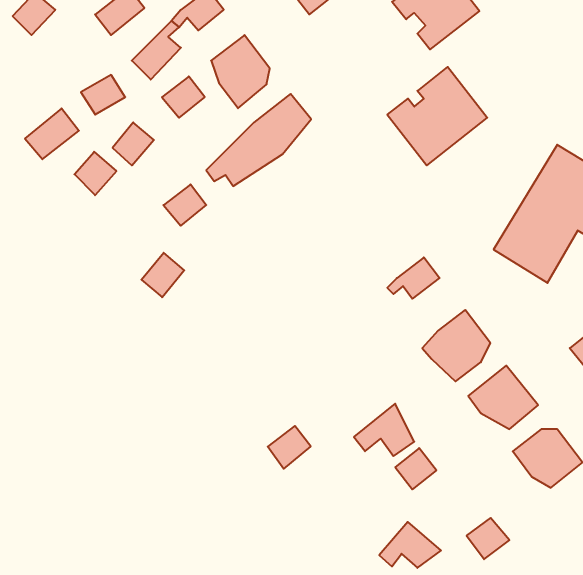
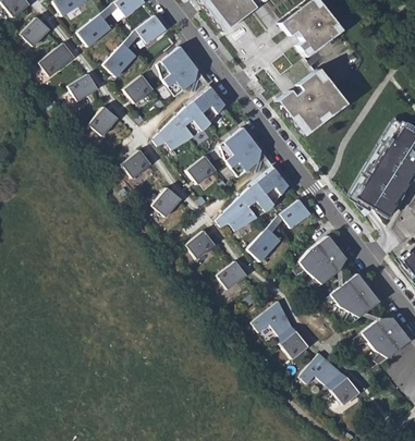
building: [25,108,79,159] -> [37,42,74,77]
building: [74,152,116,195] -> none
building: none -> [219,127,259,177]
building: none -> [188,155,219,184]
building: none -> [216,168,288,231]
building: [141,253,184,297] -> [154,186,183,217]
building: none -> [249,220,283,261]
building: none -> [187,230,217,258]
building: [268,426,311,469] -> [219,259,248,289]
building: [379,522,441,568] -> [301,354,343,385]

